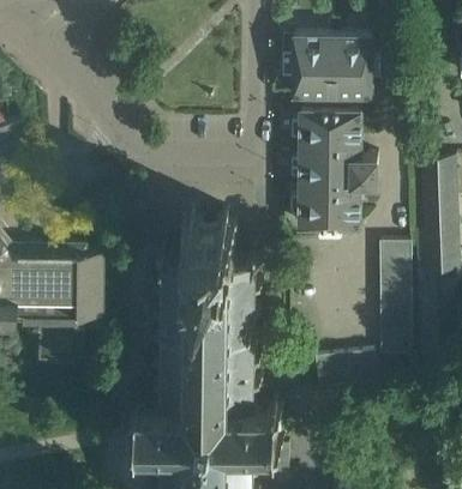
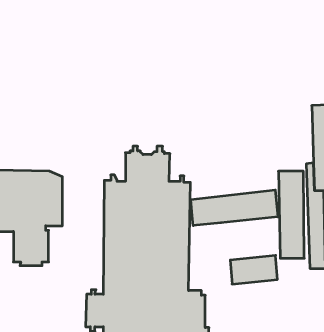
building: [283,36,378,240] -> none
building: none -> [191,190,278,226]

